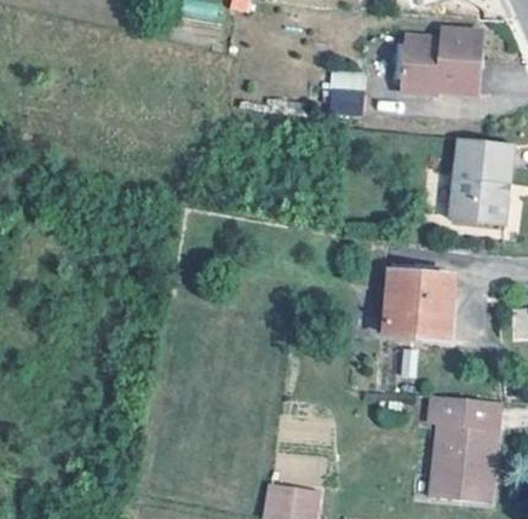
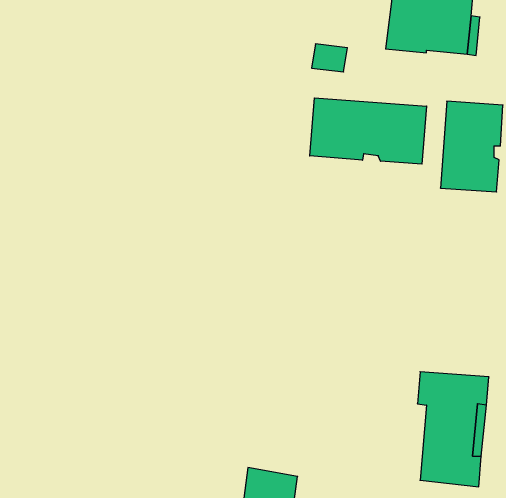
building: none -> [310,98,427,164]
building: [386,271,455,342] -> none

